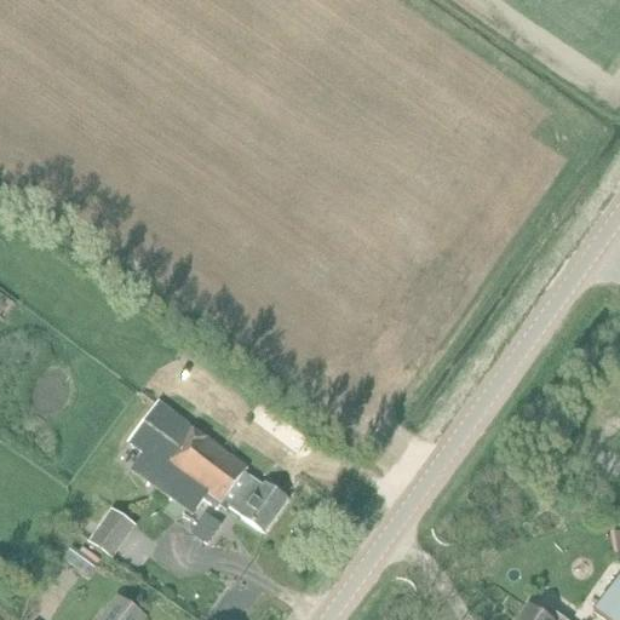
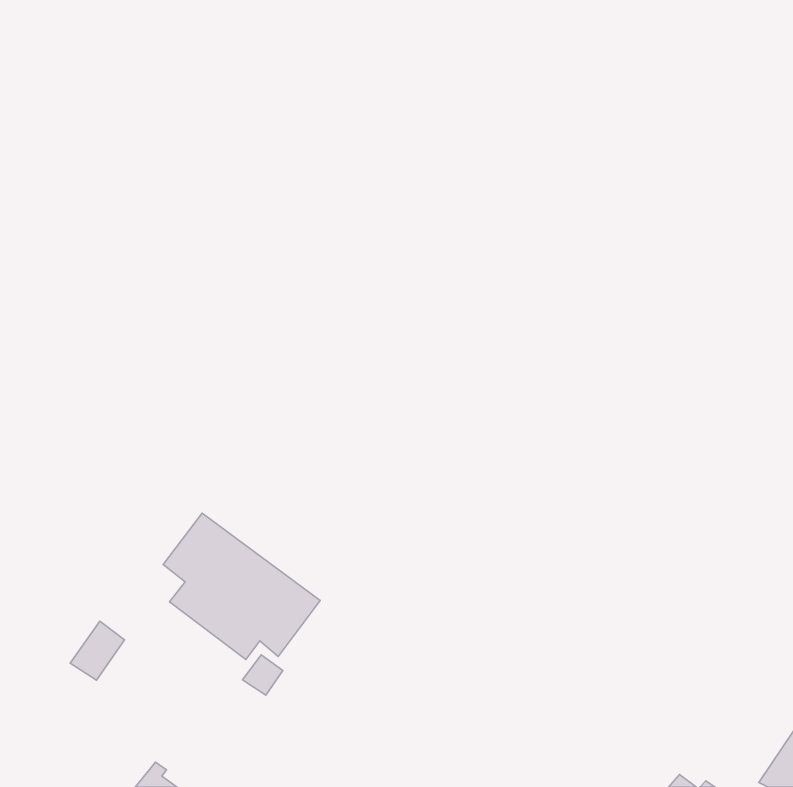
building: [230,478,289,534] -> none
building: [91,509,133,555] -> [70,621,125,680]

